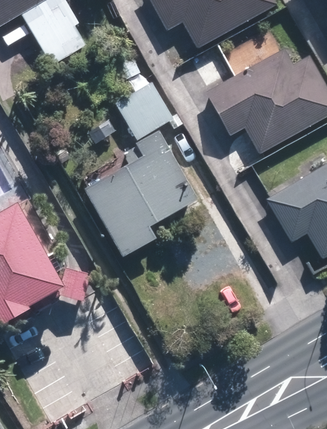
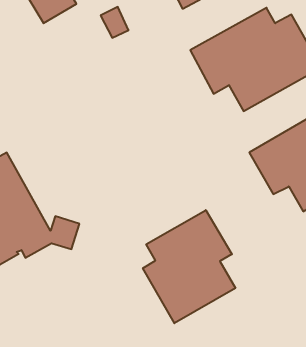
building: [82,81,195,253] -> none
building: none -> [143,210,235,323]

